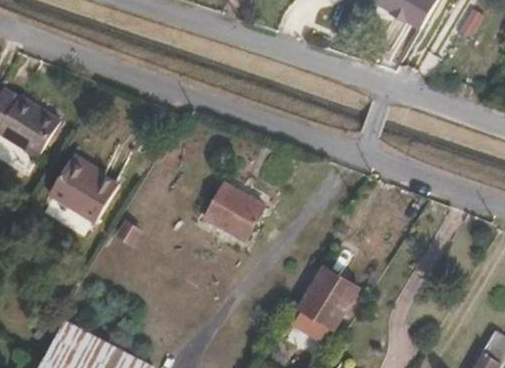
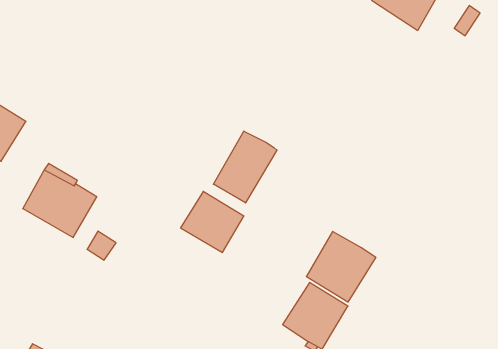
building: none -> [213,131,277,203]
building: none -> [306,231,376,302]

